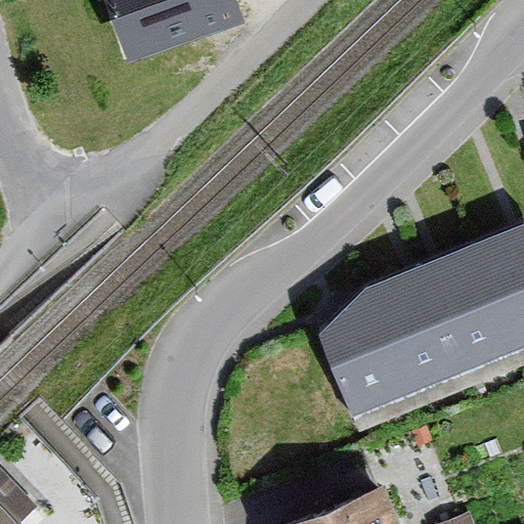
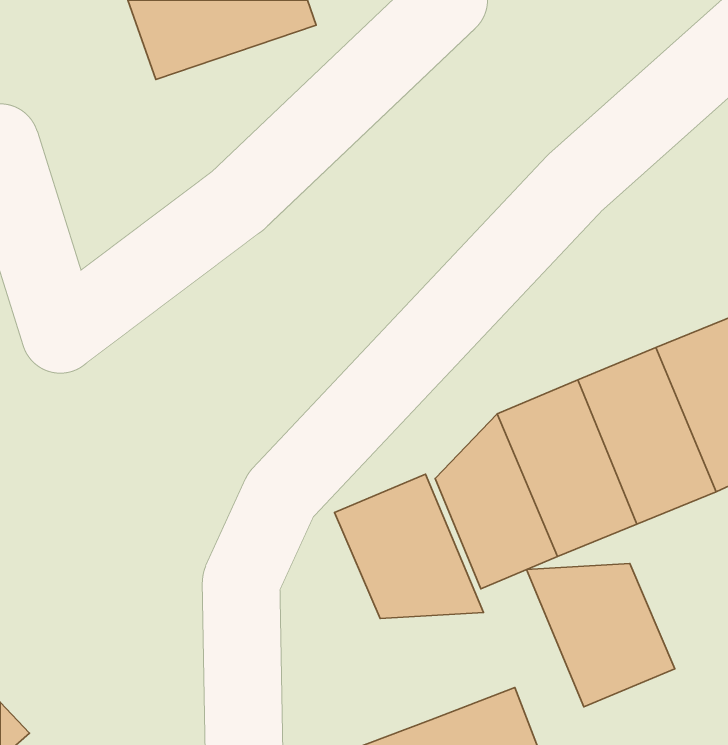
building: none -> [335,474,483,619]
building: none -> [527,563,675,707]

